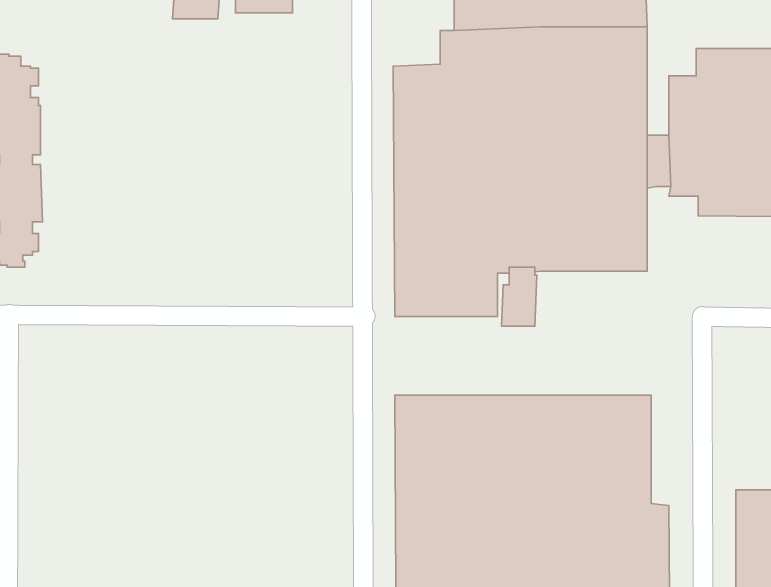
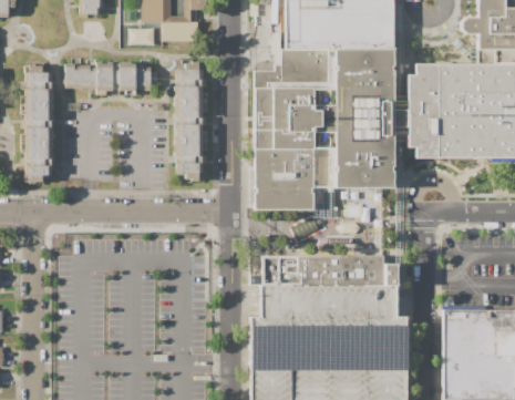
building: none -> [65,58,158,94]
building: none -> [174,61,206,182]

